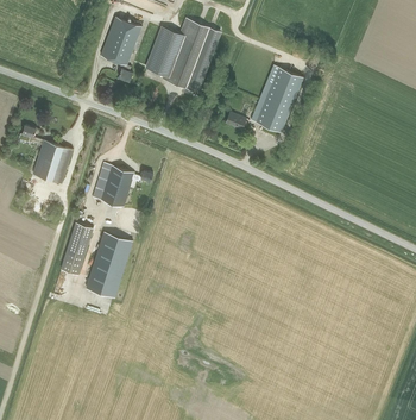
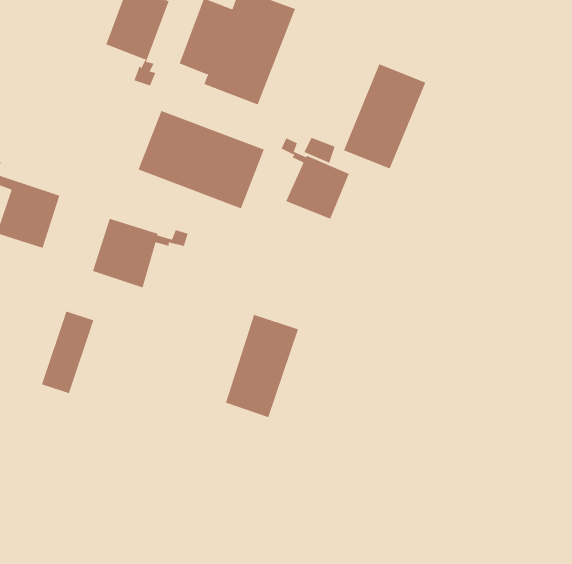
building: none -> [138,110,264,209]
building: none -> [281,138,350,219]
building: [86,232,132,297] -> [225,314,299,418]

